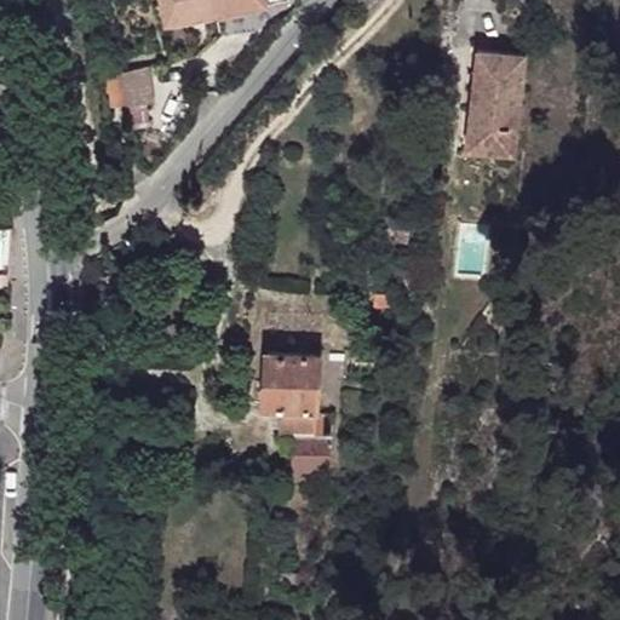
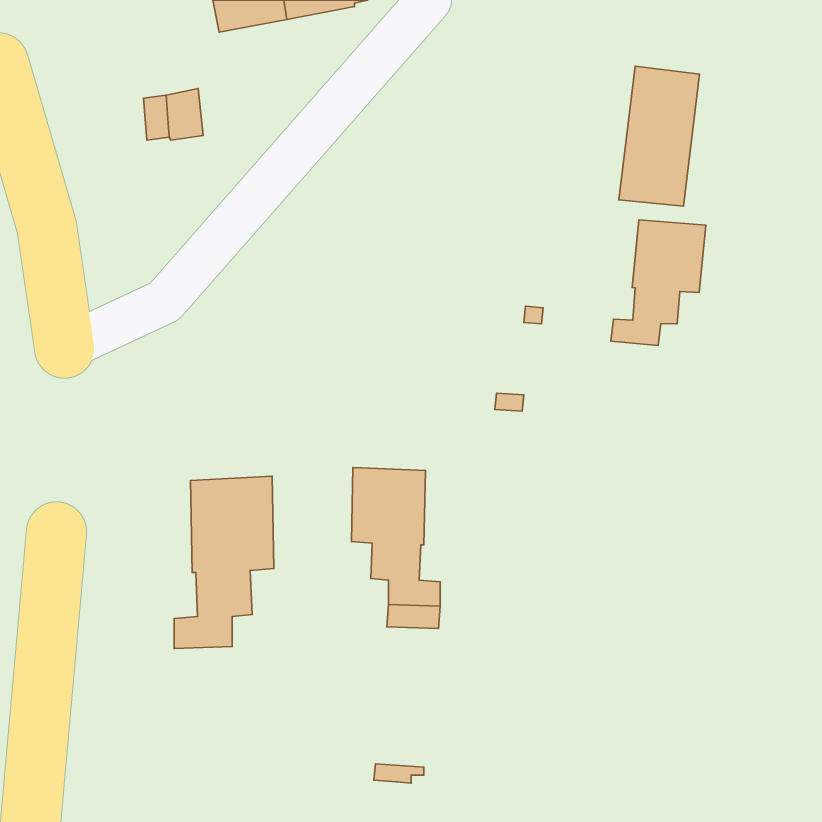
building: none -> [611,220,706,345]
building: none -> [174,476,274,648]

